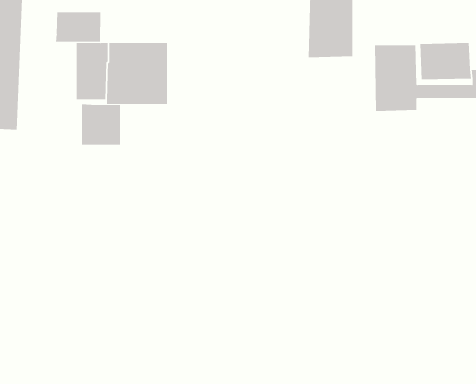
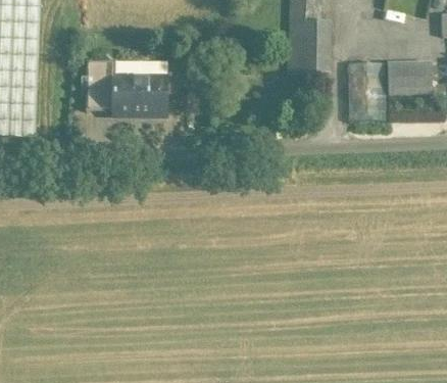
building: [55,12,101,43] -> none
building: [81,103,121,146] -> none

